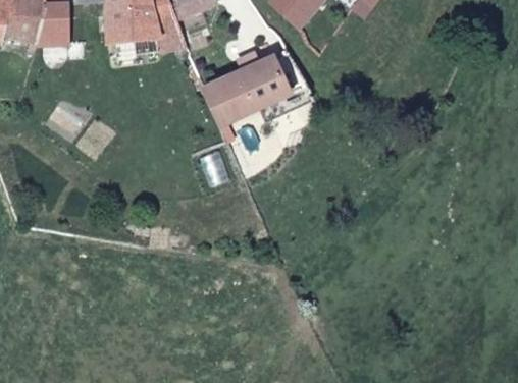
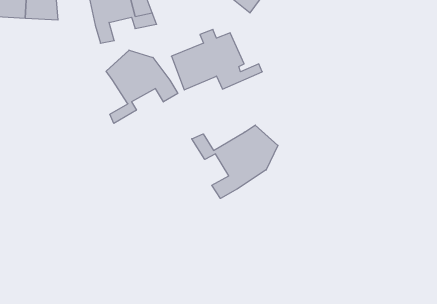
building: none -> [106,50,178,123]
building: none -> [192,125,278,198]

